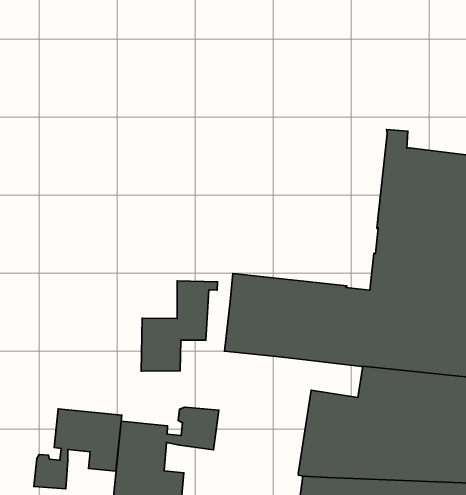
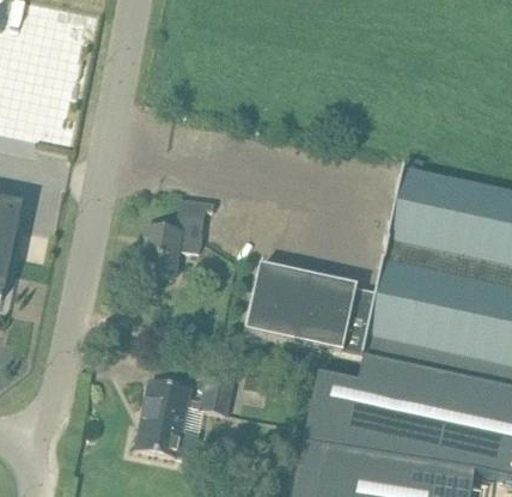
building: [141,281,218,371] -> [141,196,215,274]
building: [34,409,122,489] -> none

